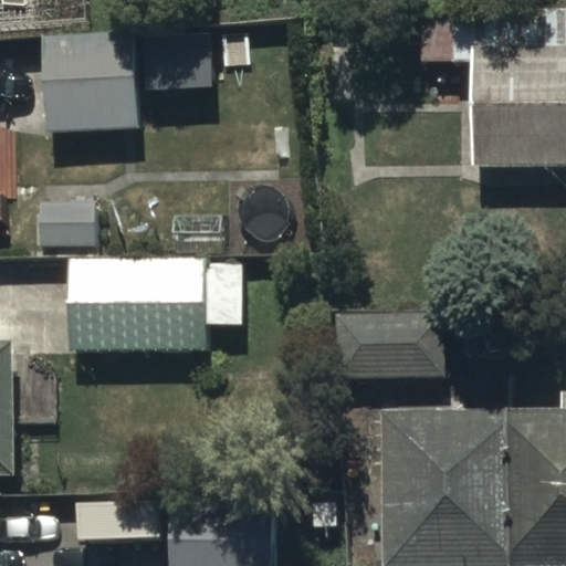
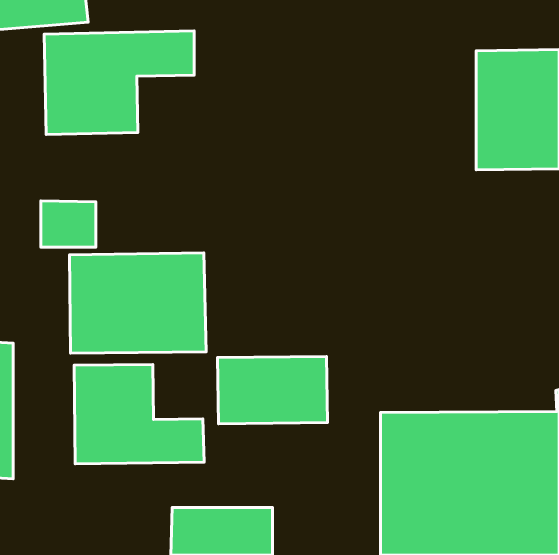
building: [334,313,444,380] -> [217,356,328,424]
building: none -> [74,364,204,464]

